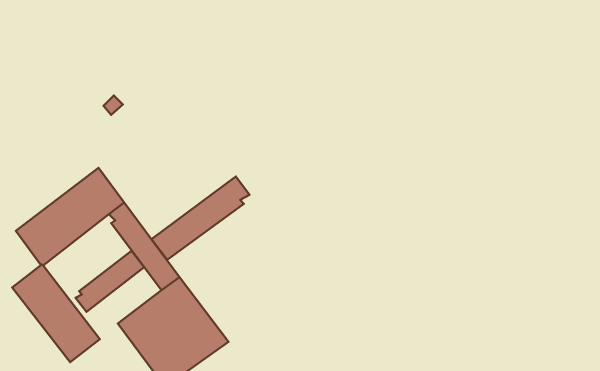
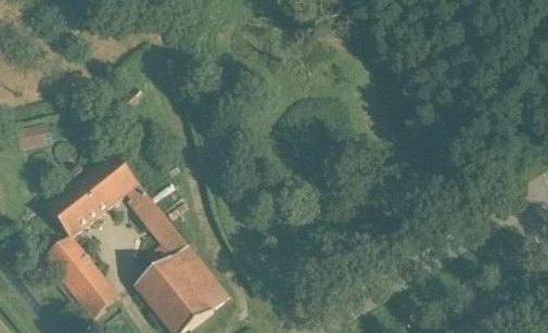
building: [151,176,249,260] -> none
building: [75,251,144,312] -> none

